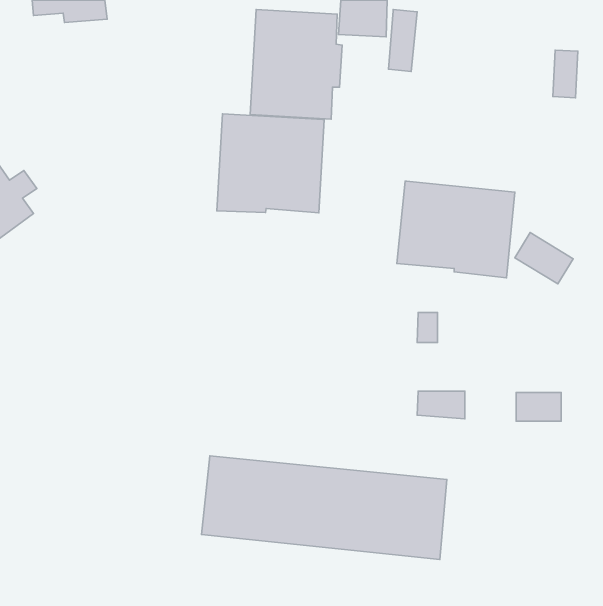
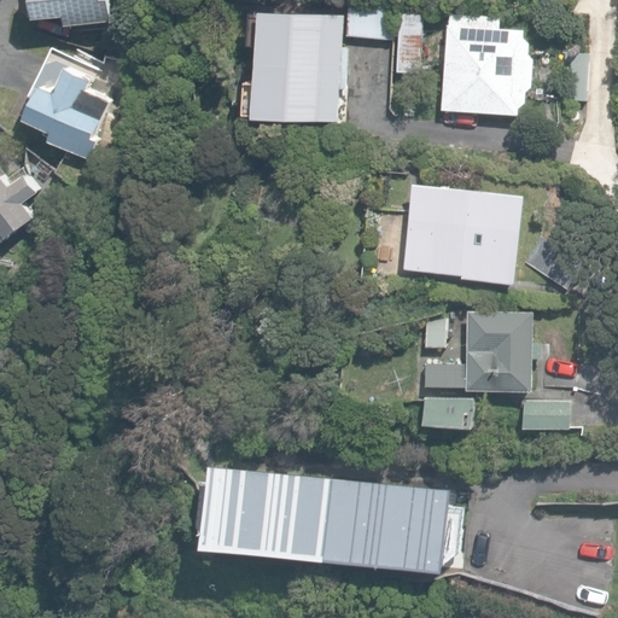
building: none -> [439,17,531,117]
building: none -> [25,69,110,162]
building: [217,114,324,213] -> none
building: none -> [424,313,538,392]

